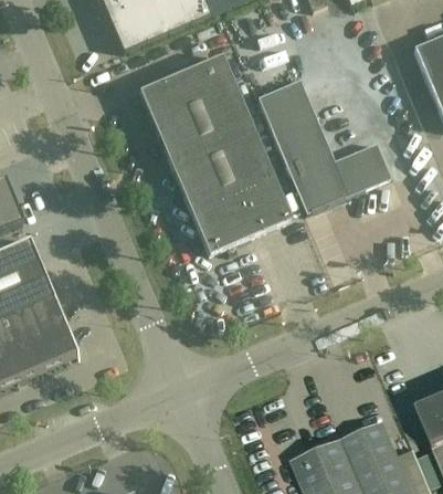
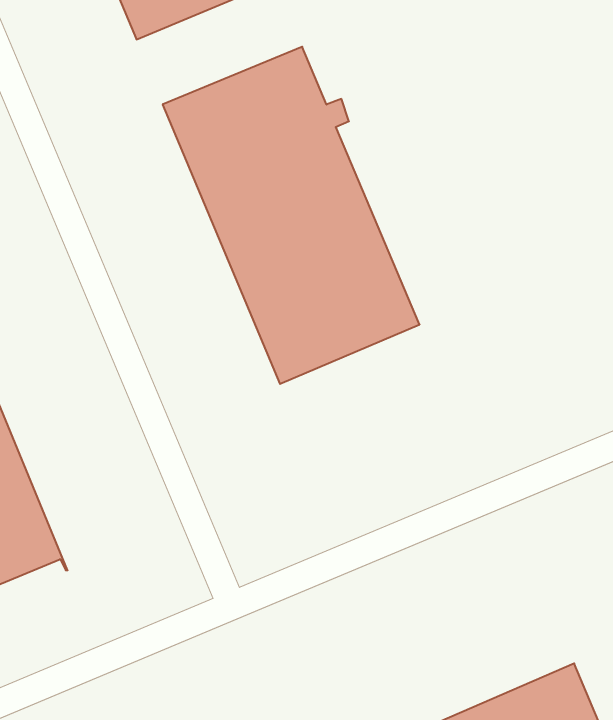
building: [256,77,390,212] -> none

